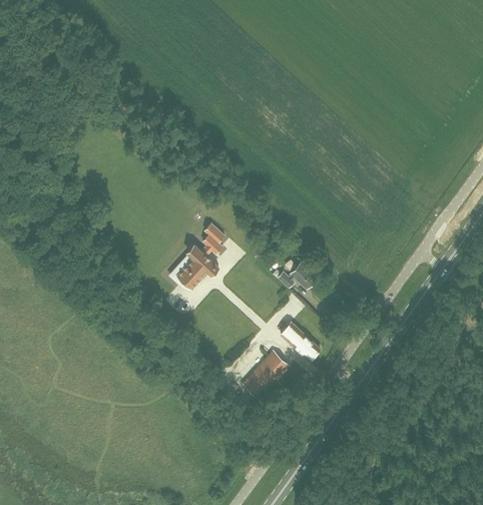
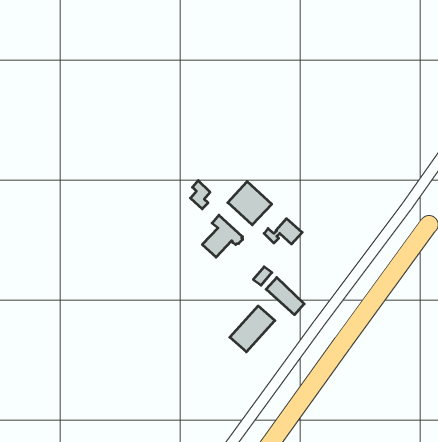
building: none -> [228,182,272,225]
building: [176,243,217,287] -> [202,215,243,257]

